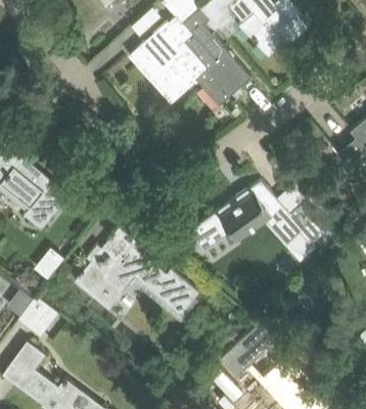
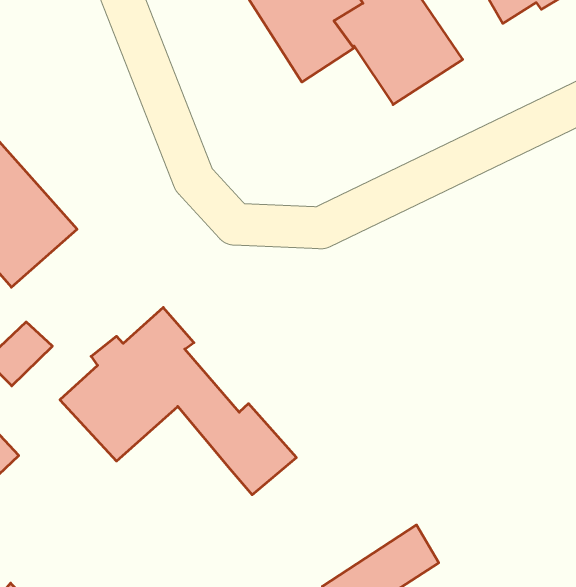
building: [184,182,325,254] -> none

